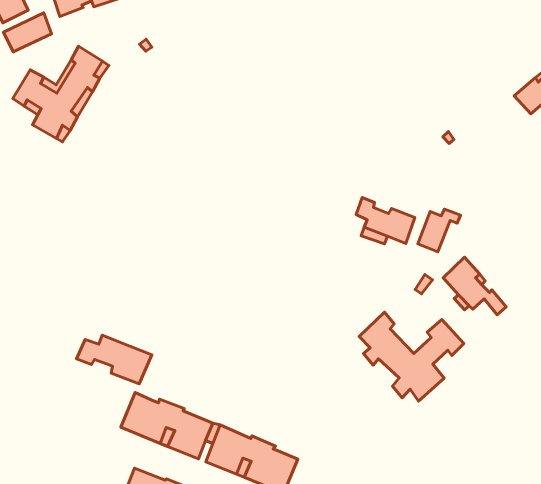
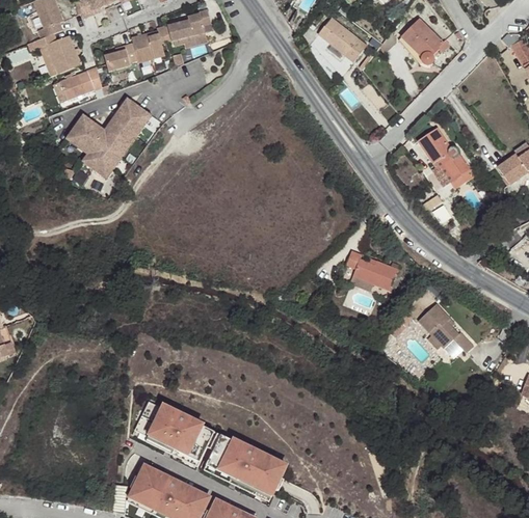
building: none -> [418,127,469,179]
building: [418,209,461,252] -> none
building: [359,312,464,401] -> none
building: [77,335,152,384] -> none

